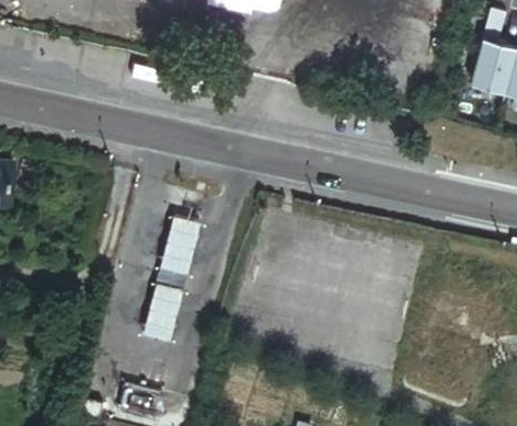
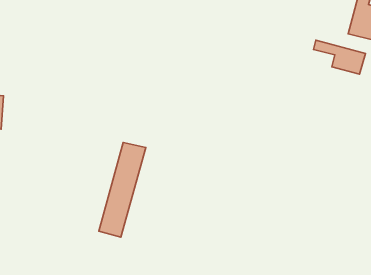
building: none -> [314,40,365,74]

